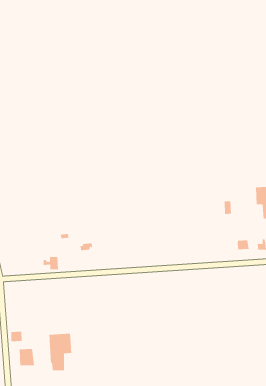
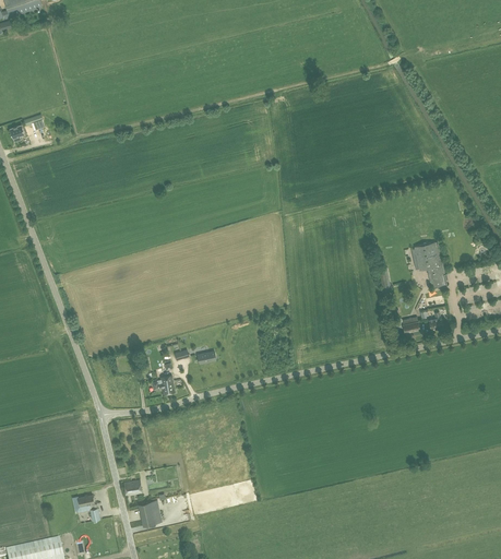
building: [49,333,72,371] -> none

